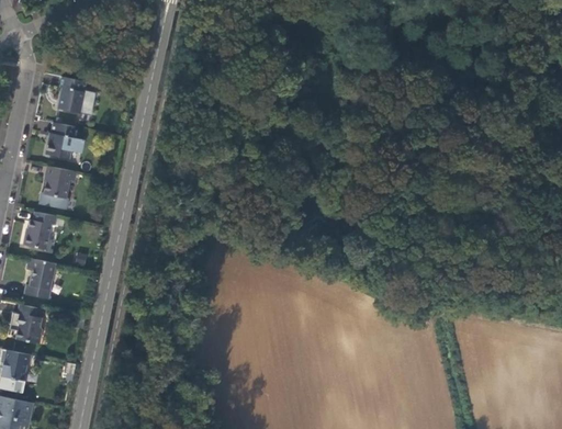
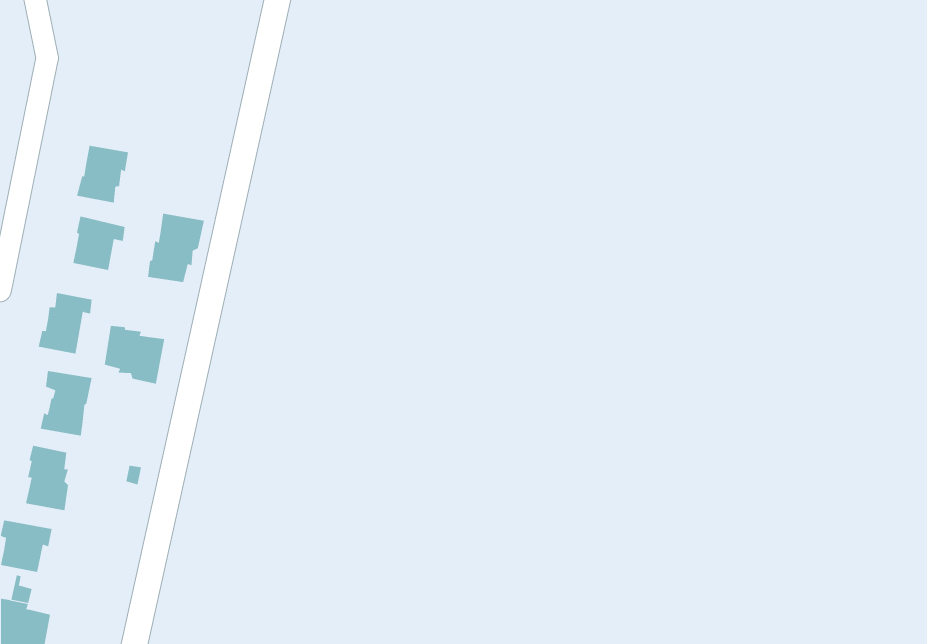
building: [58,76,95,114] -> none
building: none -> [147,213,204,283]
building: none -> [104,325,165,384]

